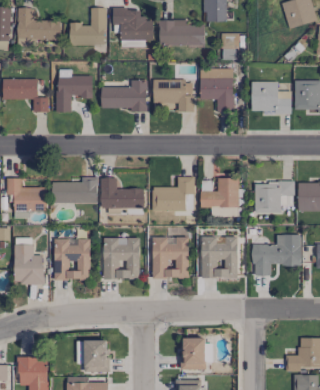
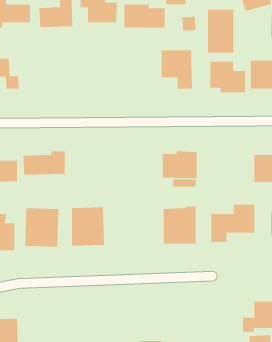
building: none -> [208,9,234,54]
building: [57,69,93,112] -> none
building: [102,80,148,112] -> none
building: [153,80,194,112] -> none
building: [152,176,195,212] -> none
building: [101,177,145,208] -> none
building: [254,181,294,213] -> none
building: [153,236,189,278] -> none
building: [181,337,206,369] -> none
building: [77,340,109,372] -> none

